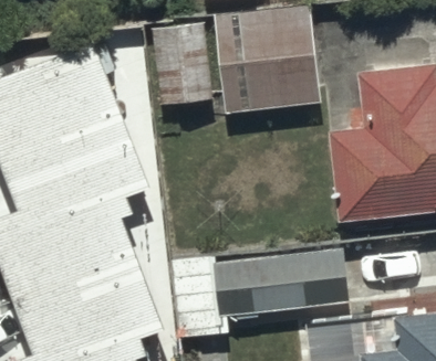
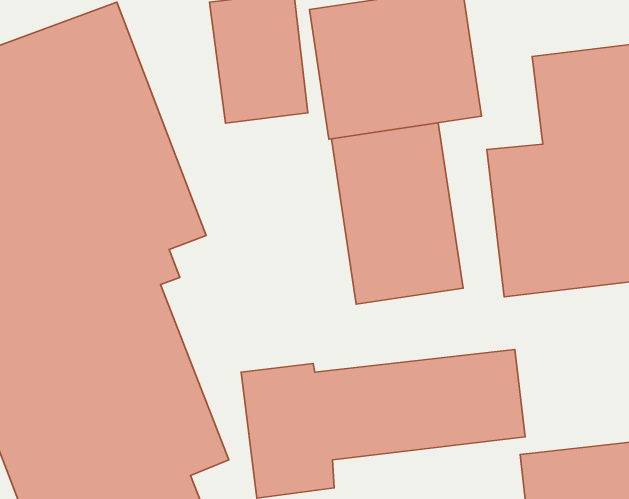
building: none -> [332,123,463,304]

